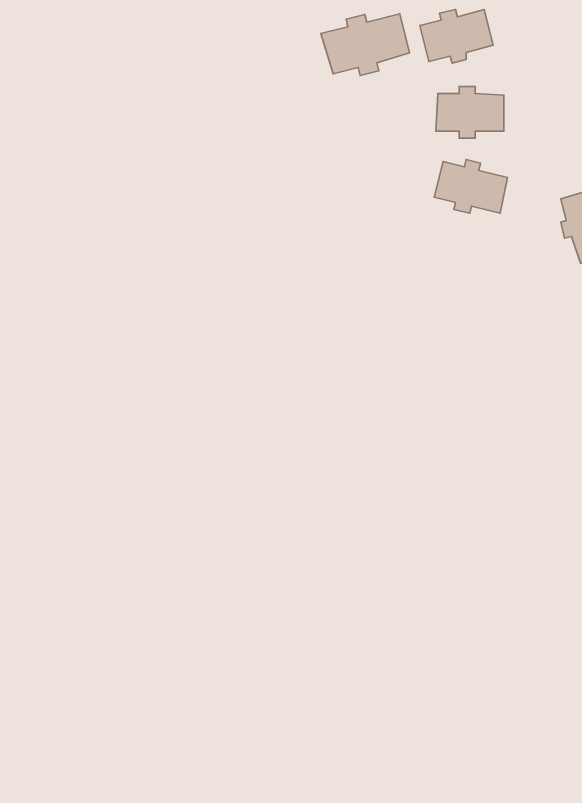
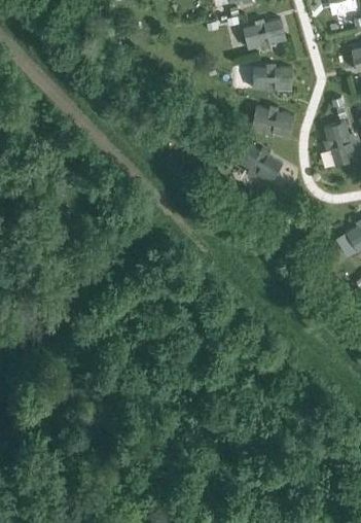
building: [321,14,410,75] -> none
building: none -> [238,145,282,183]

